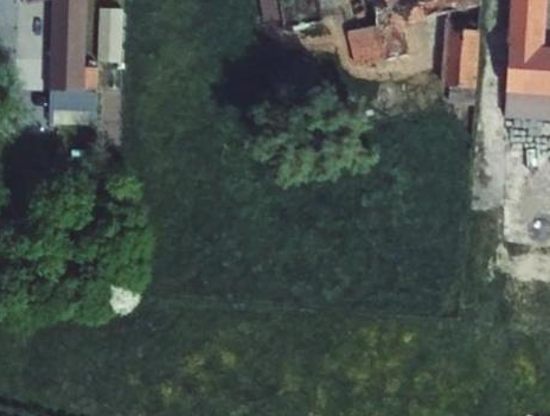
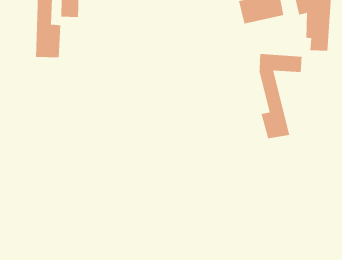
building: none -> [259,53,302,139]

